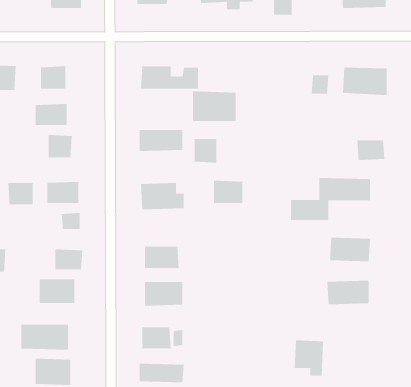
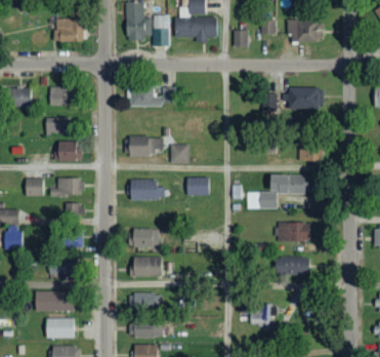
building: [193,91,236,122] -> none

